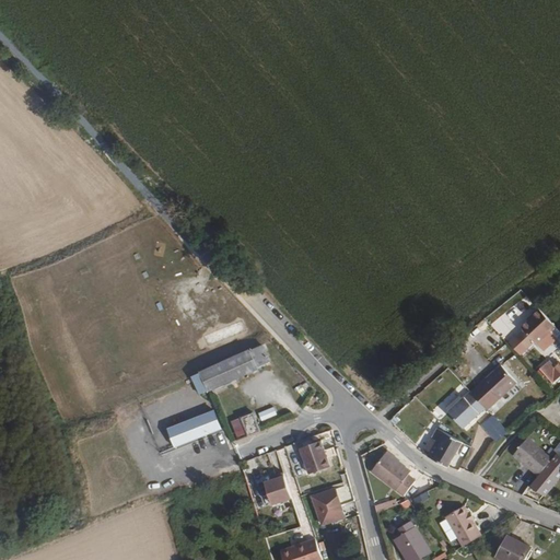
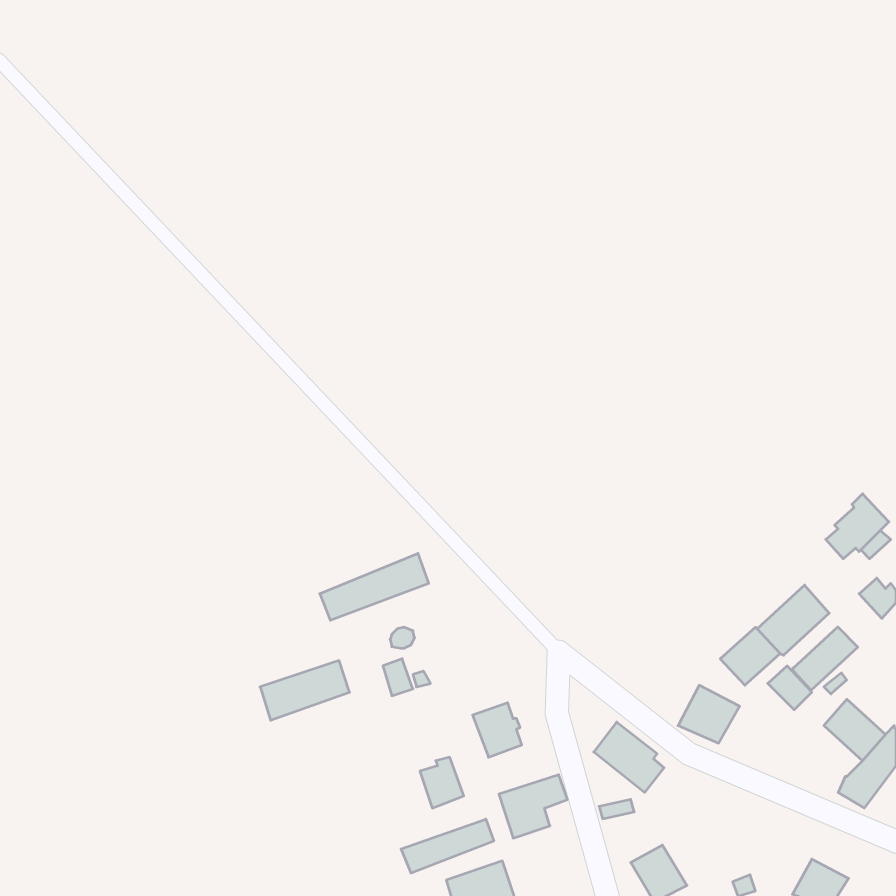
building: none -> [793,627,858,690]
building: [444,504,479,545] -> none
building: none -> [401,819,494,873]

